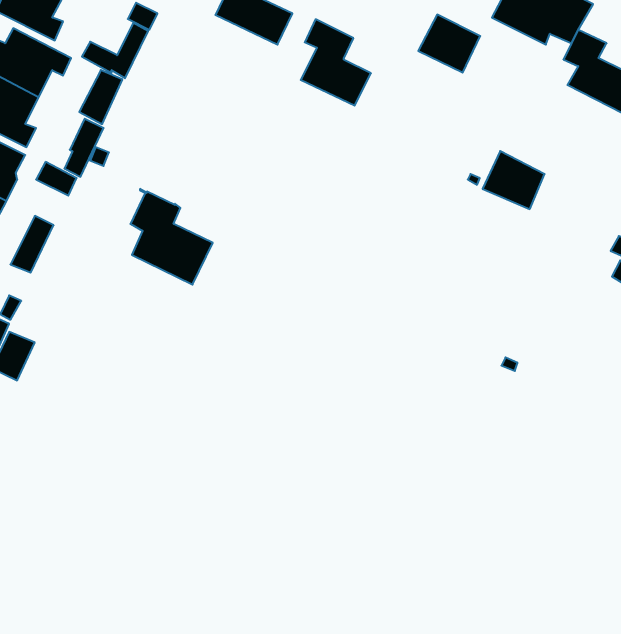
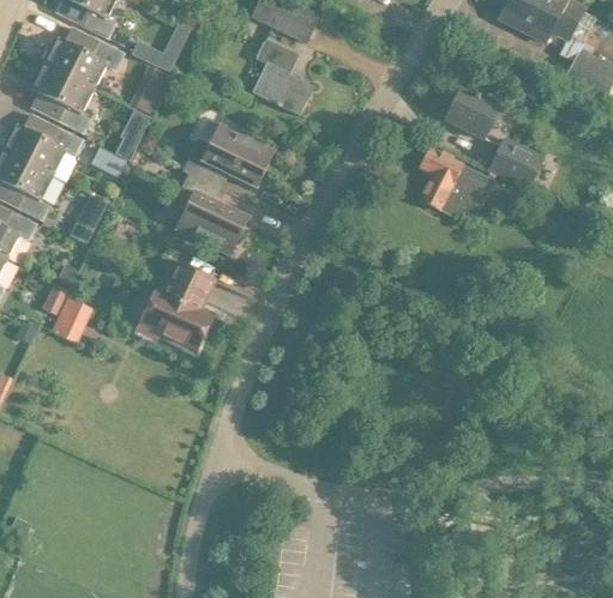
building: [418,15,480,73] -> [445,87,500,139]
building: [301,19,371,106] -> [252,38,314,115]
building: none -> [184,125,274,188]
building: none -> [419,146,493,218]
building: none -> [136,264,214,351]

